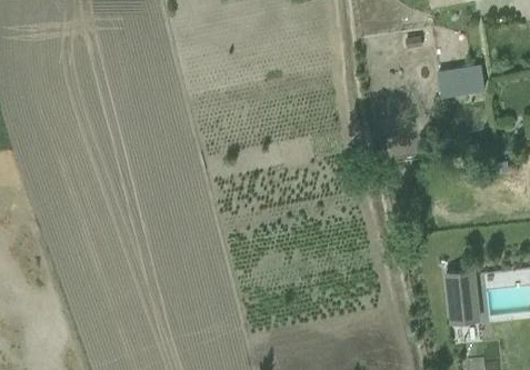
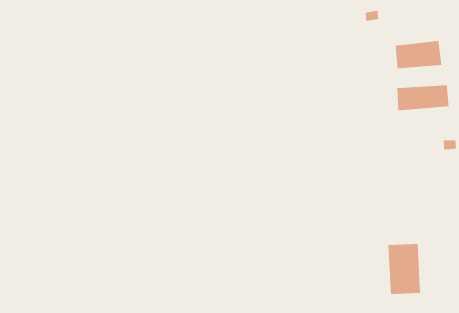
building: none -> [397,85,449,111]

